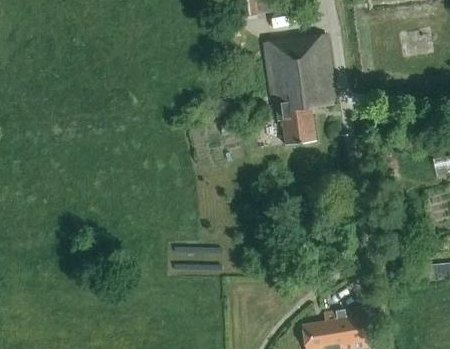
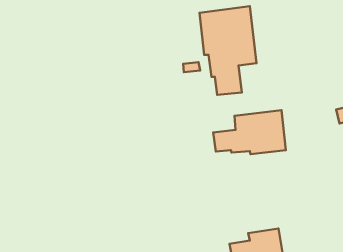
building: none -> [213,110,286,154]

